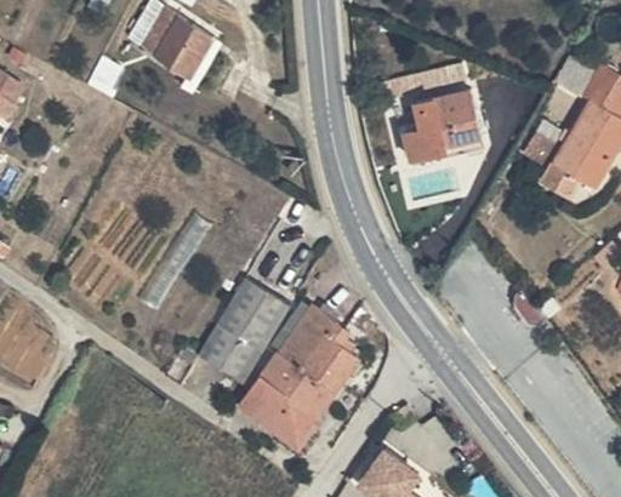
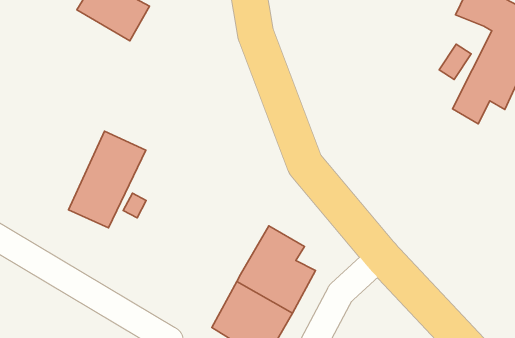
building: [394,95,473,166] -> none
building: [200,272,292,379] -> [69,131,146,228]

